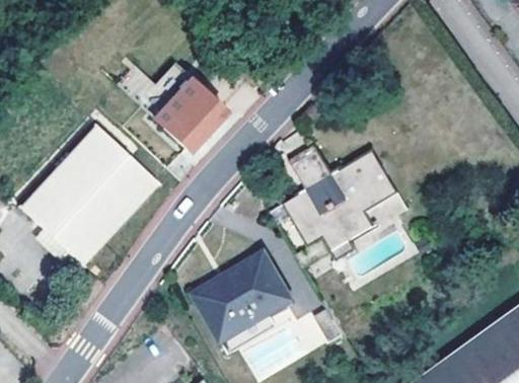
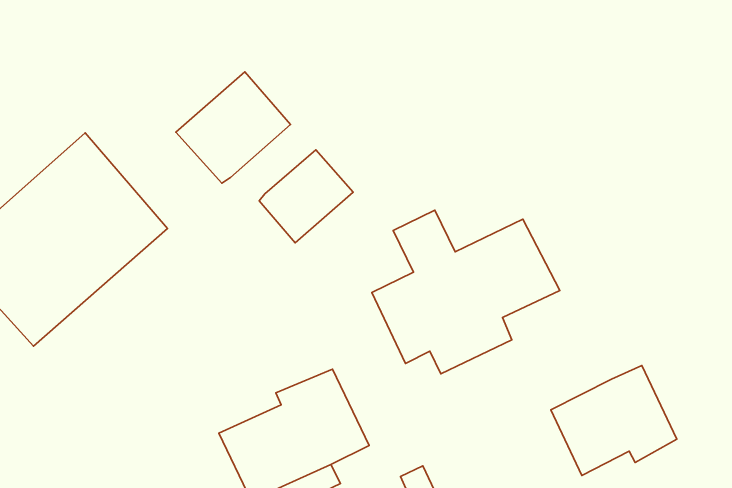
building: none -> [259,150,353,243]
building: none -> [551,366,677,475]

